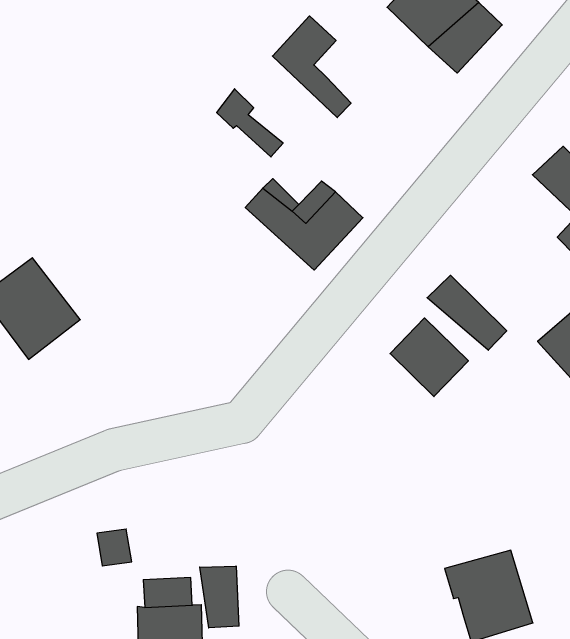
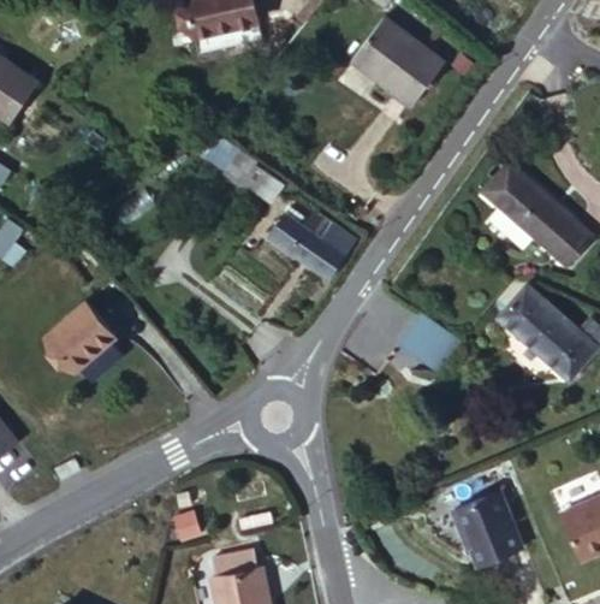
building: [272,16,351,118] -> none
building: [427,275,507,350] -> none
building: [200,566,239,628] -> none

